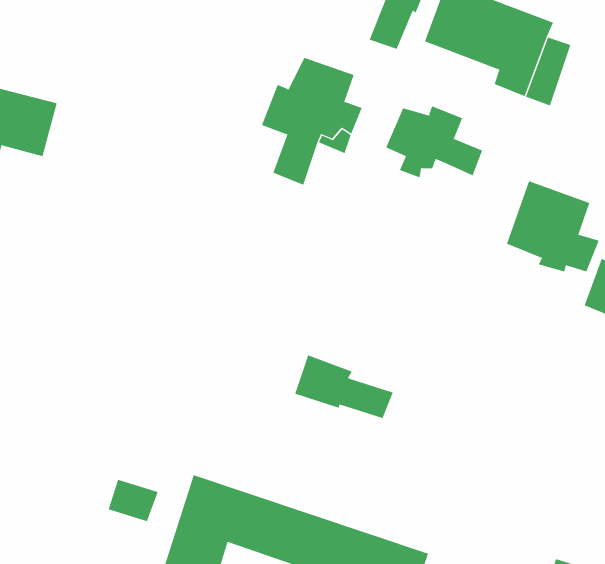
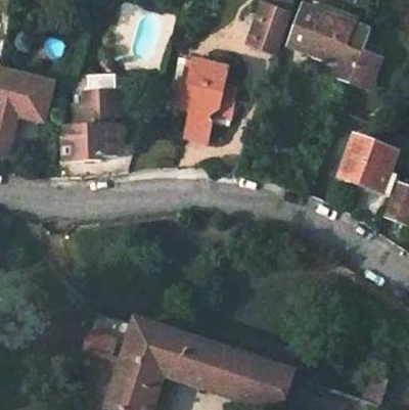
building: [385,106,483,178] -> none
building: none -> [60,89,121,163]
building: [294,355,393,419] -> none

